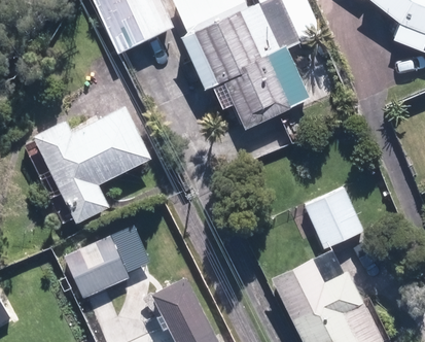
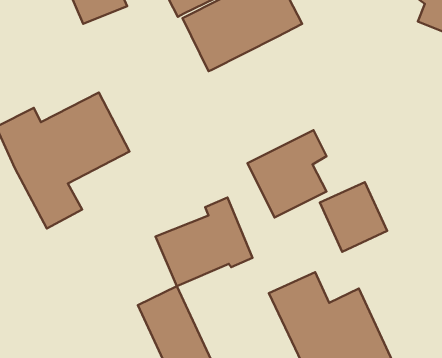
building: [221,56,290,132] -> [247,130,327,218]
building: [67,219,151,297] -> [155,198,252,286]

